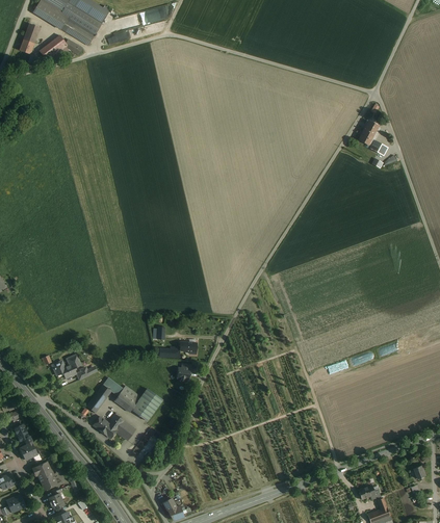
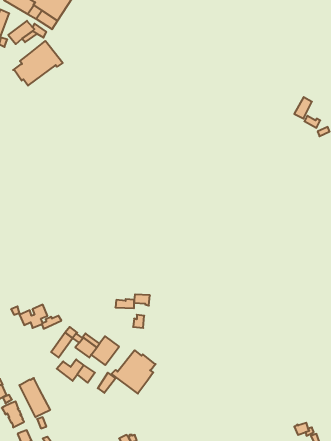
building: none -> [13,41,63,86]
building: none -> [112,350,156,394]
building: none -> [19,378,50,417]

